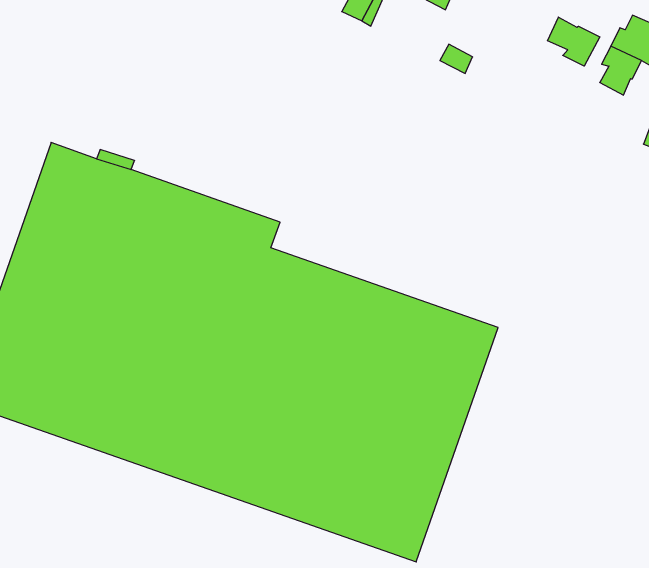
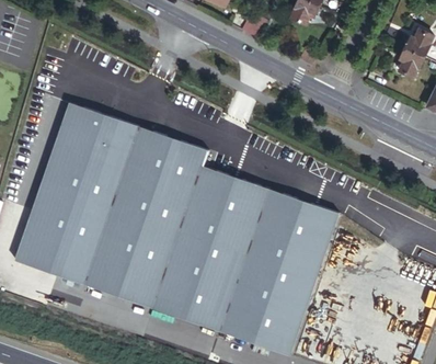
building: [548,17,600,66] -> none

